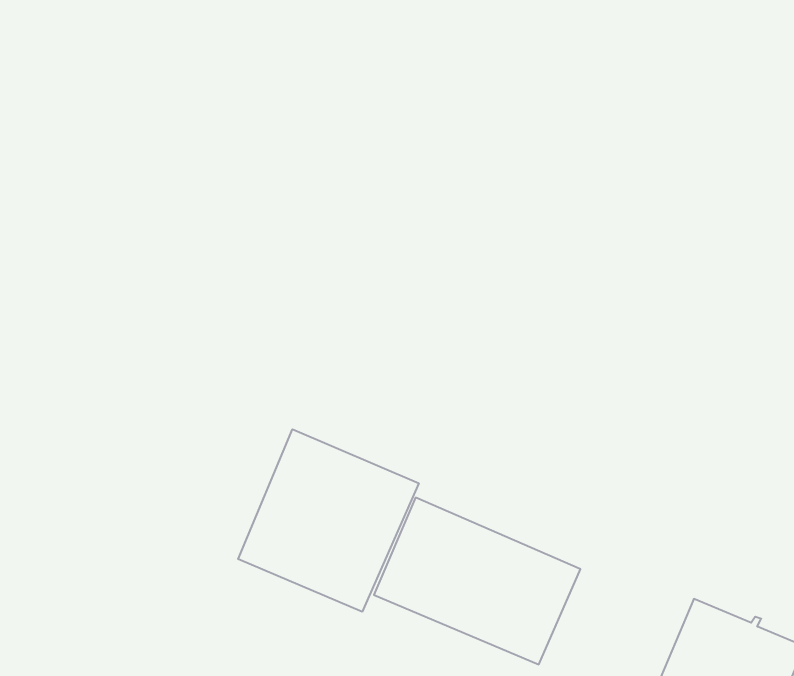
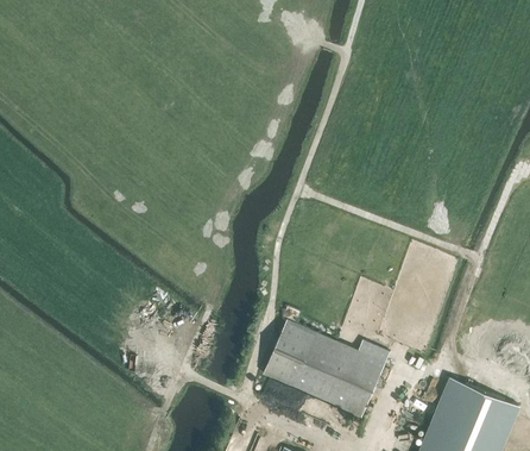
building: [238,429,419,612] -> none

